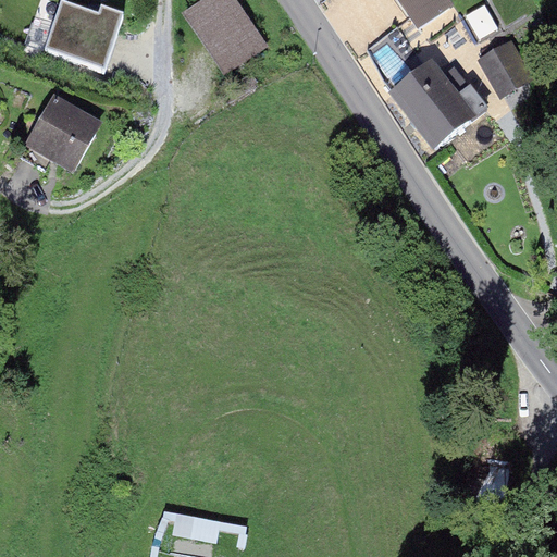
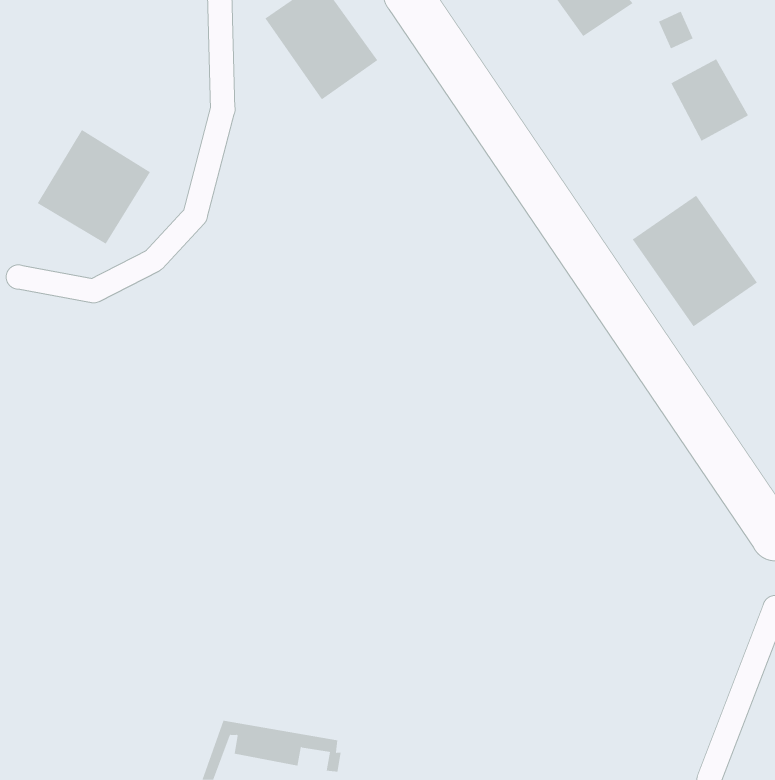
building: [44,5,117,64] -> none
building: [392,59,481,152] -> [632,195,758,327]

